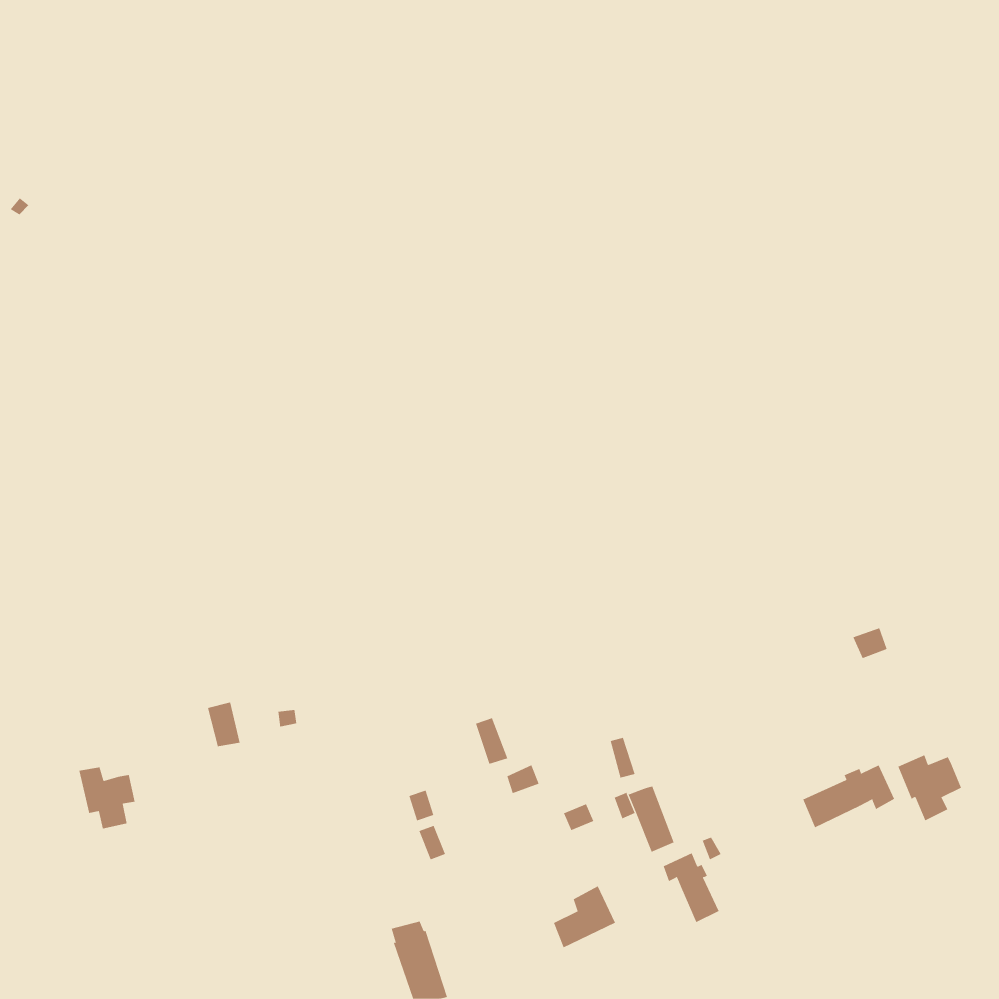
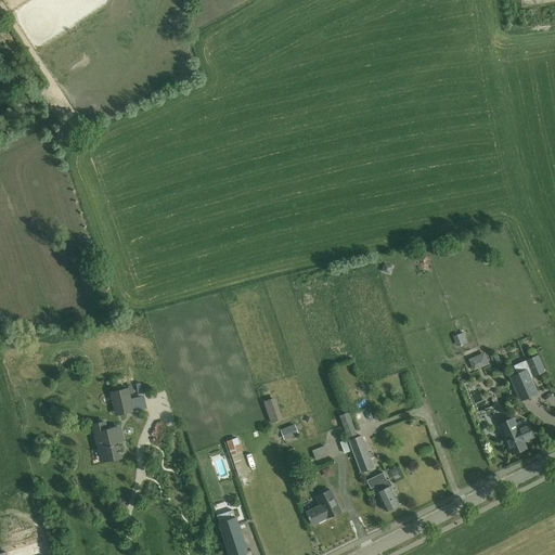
building: none -> [509,354,545,402]
building: [802,764,895,828] -> none
building: [79,767,135,829] -> [93,423,125,457]

